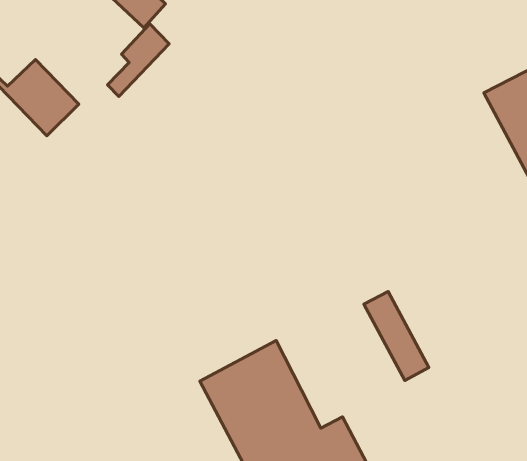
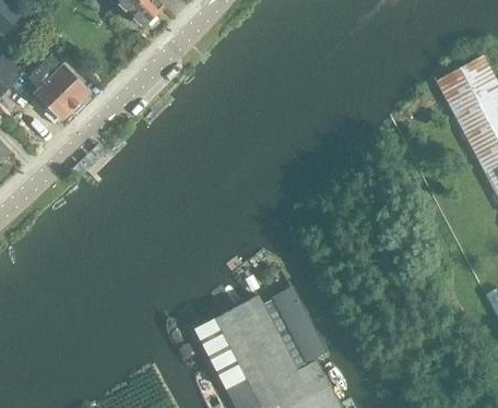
building: [108,24,169,96] -> none
building: [364,291,429,380] -> [271,286,327,362]

